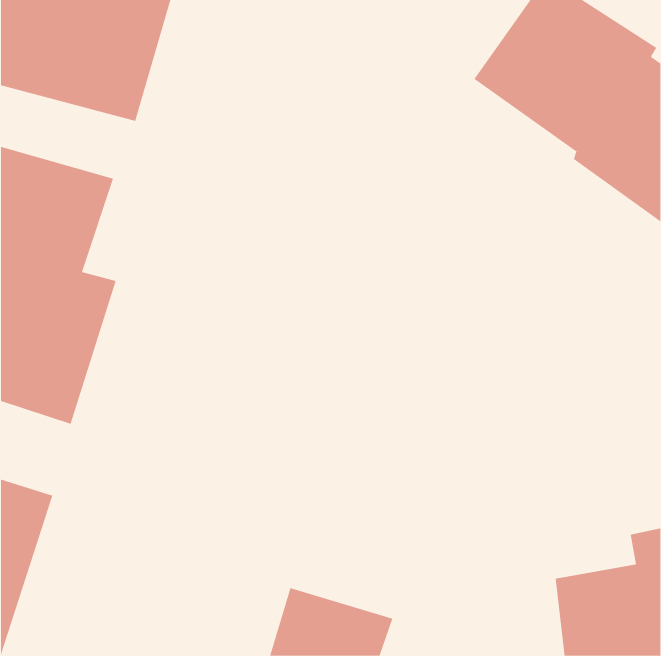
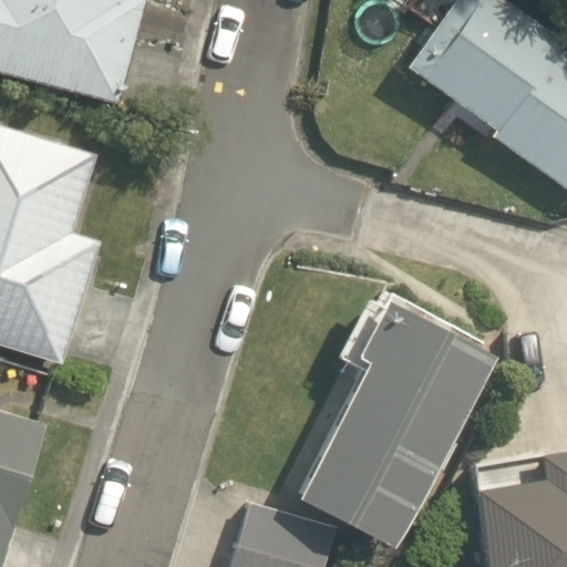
building: none -> [298,295,493,550]

